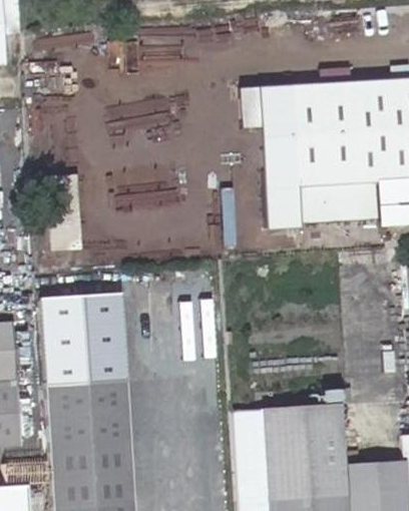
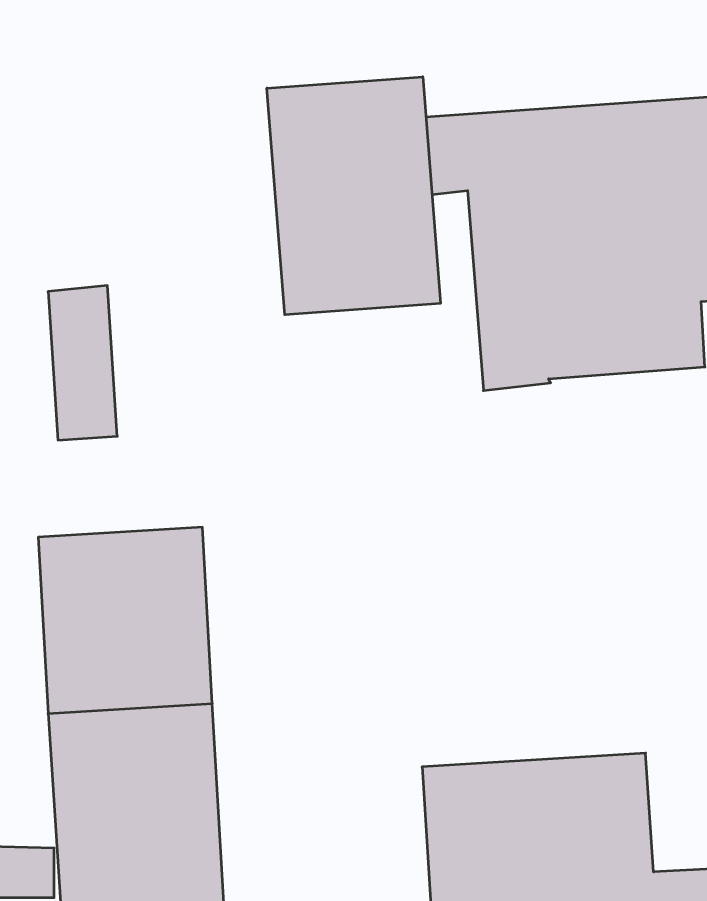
building: none -> [267,77,440,315]

